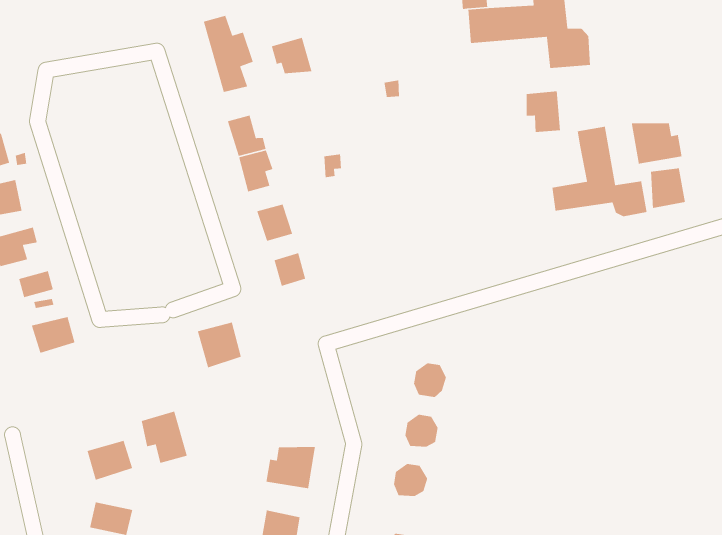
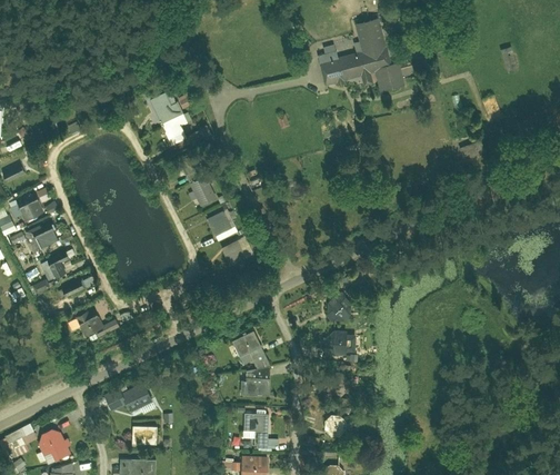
building: [271,37,313,74] -> none
building: [526,91,561,133] -> none
building: [631,123,682,164] -> none
building: [551,126,648,217] -> none
building: [197,321,242,368] -> [232,333,264,366]
building: [141,410,188,464] -> none

